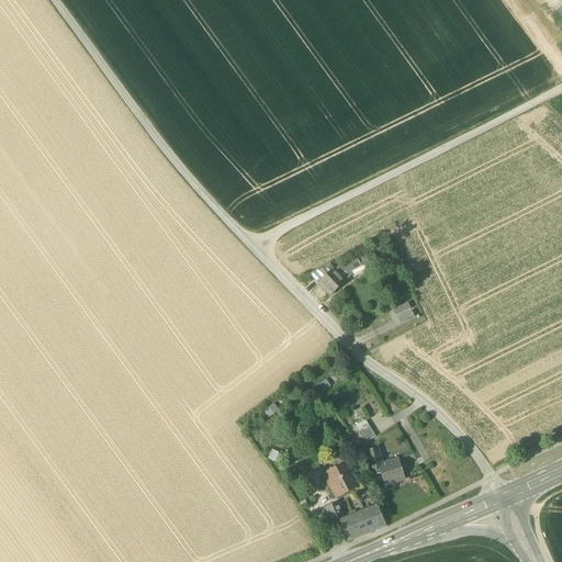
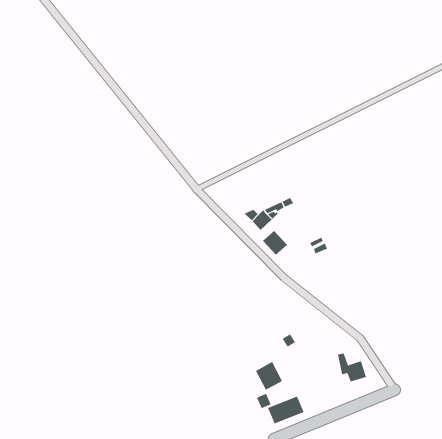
building: none -> [262,230,288,256]
building: [368,446,405,483] -> [337,353,367,382]

